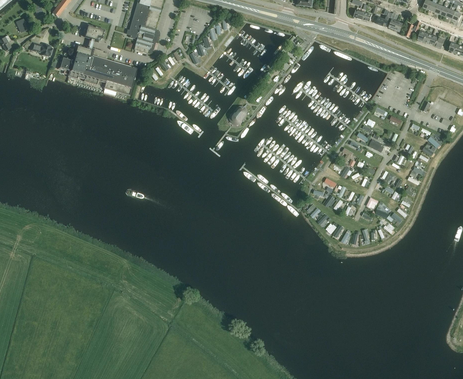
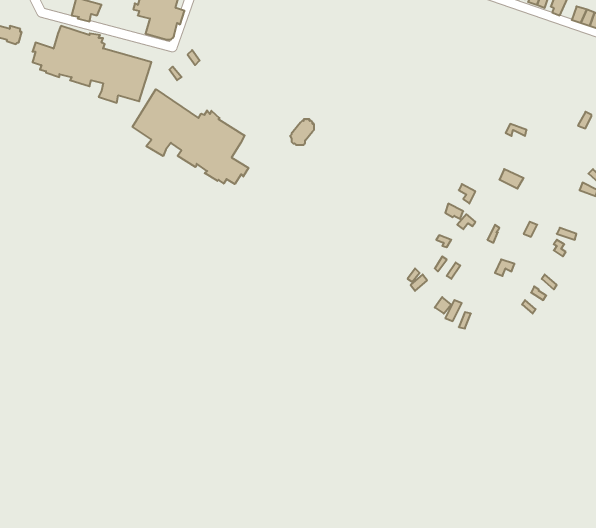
building: none -> [133,89,248,184]

